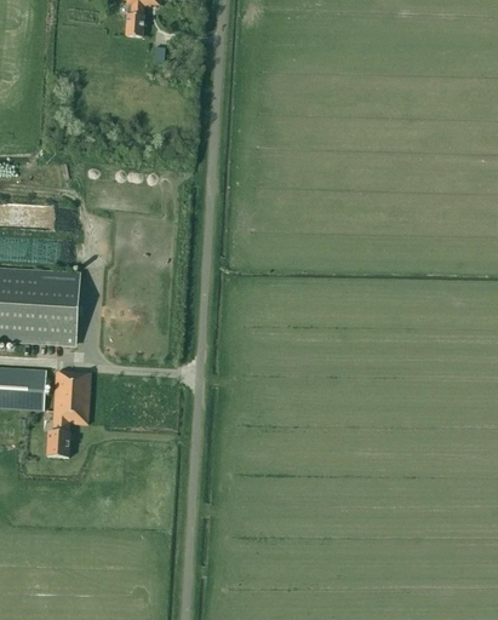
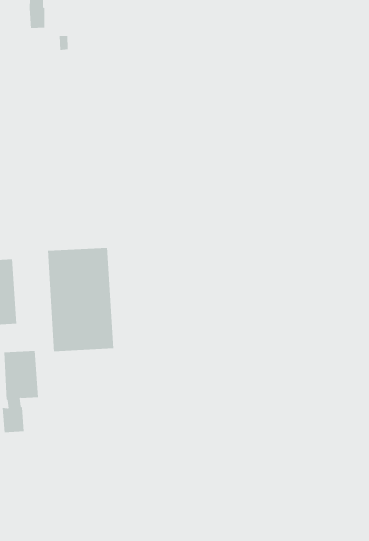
building: none -> [48,247,114,352]

